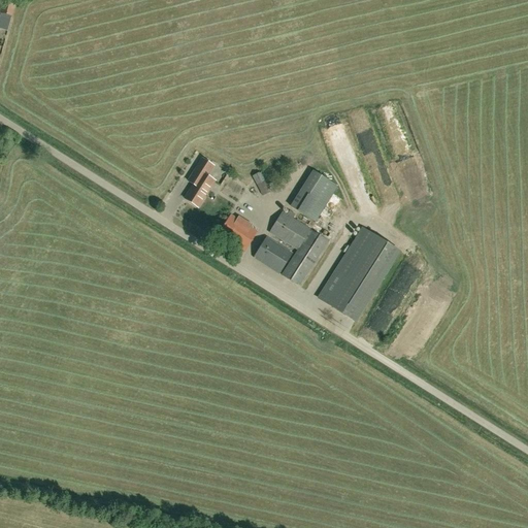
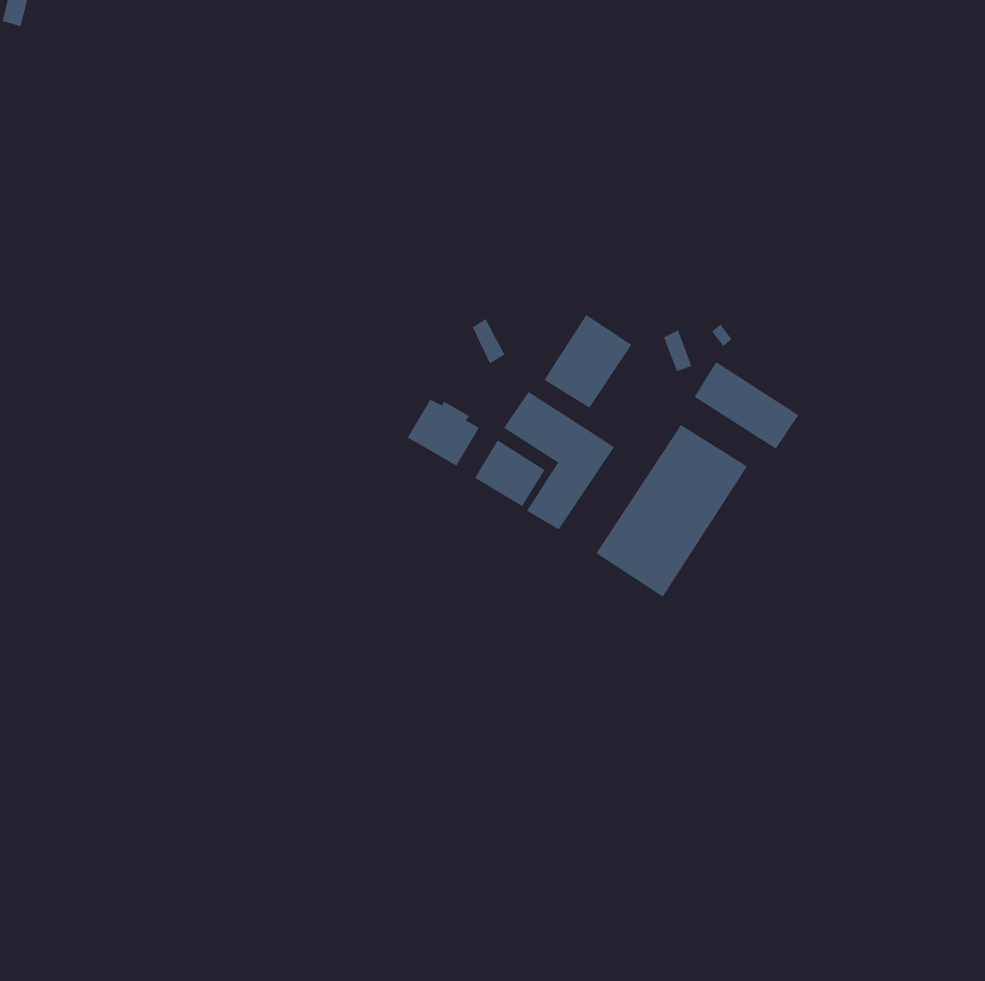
building: [185,158,214,205] -> none
building: none -> [694,361,799,449]

